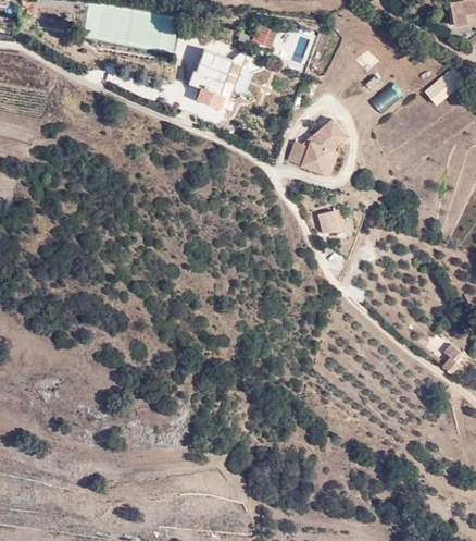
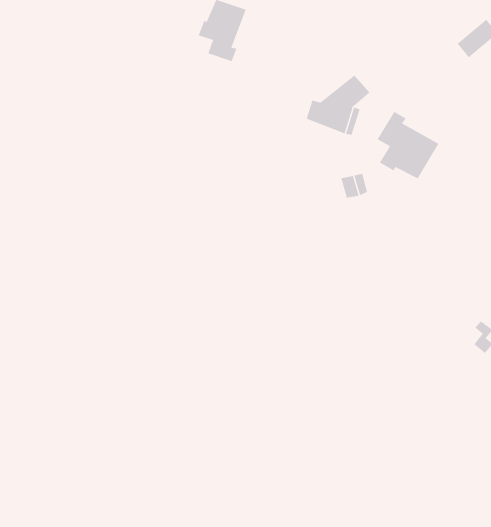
building: none -> [377,111,439,179]

